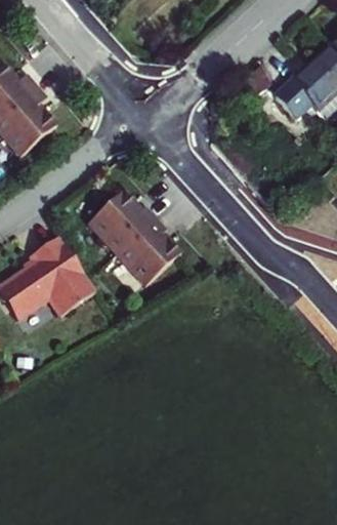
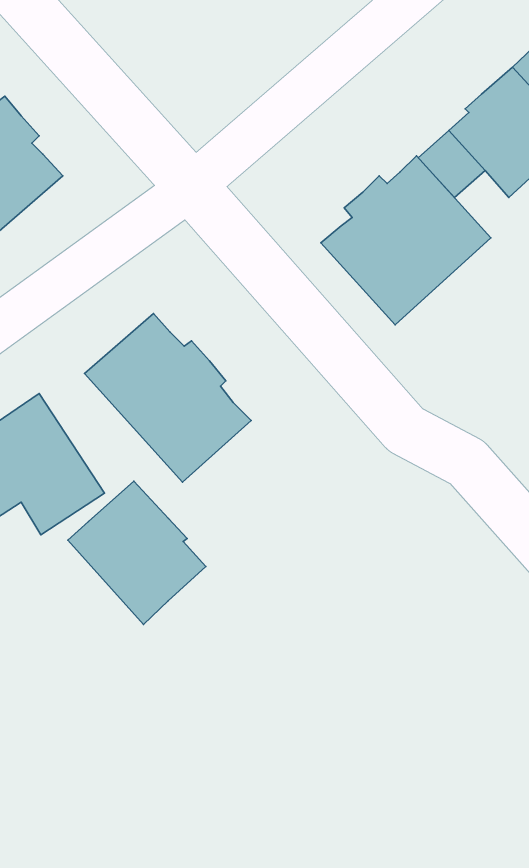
building: none -> [321,156,491,325]
building: none -> [68,481,206,624]

